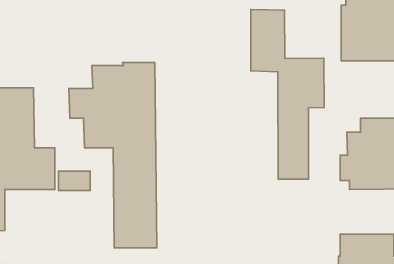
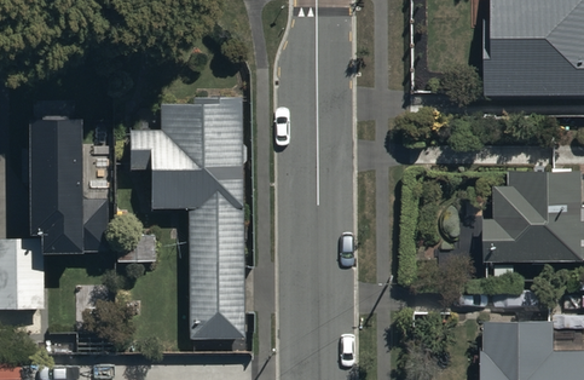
building: [251,10,324,179] -> none

